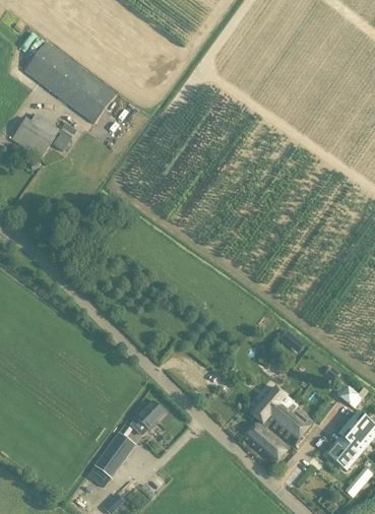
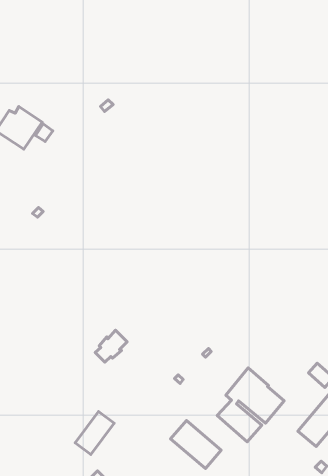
building: [22,40,115,123] -> none
building: [130,399,164,433] -> [95,330,127,362]
building: none -> [171,420,221,469]

